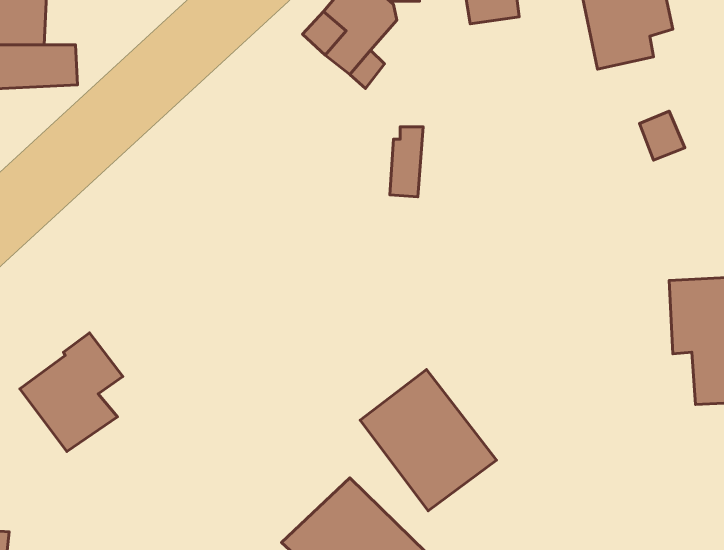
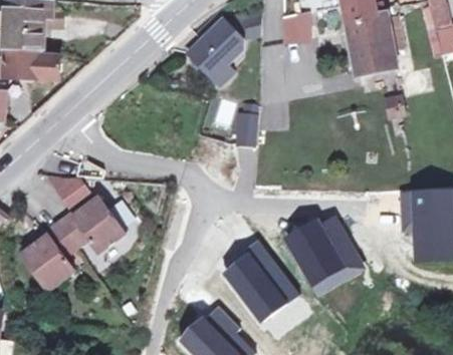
building: none -> [50,168,91,210]
building: none -> [65,197,133,252]
building: none -> [283,216,369,299]

